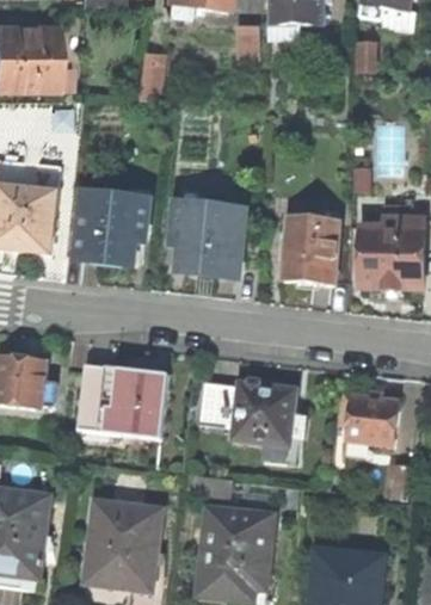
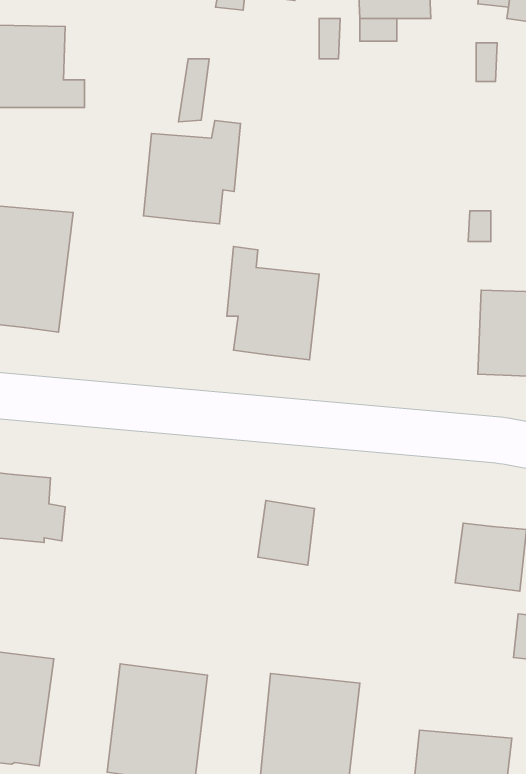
building: [76,187,148,264] -> [144,120,241,224]
building: [284,206,341,283] -> none
building: [78,364,168,438] -> none
building: [233,382,306,462] -> none

